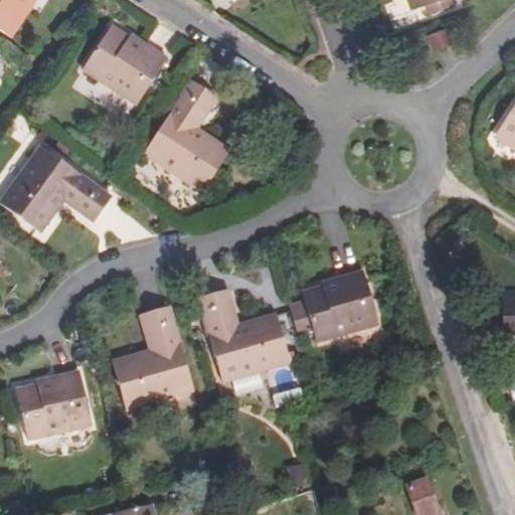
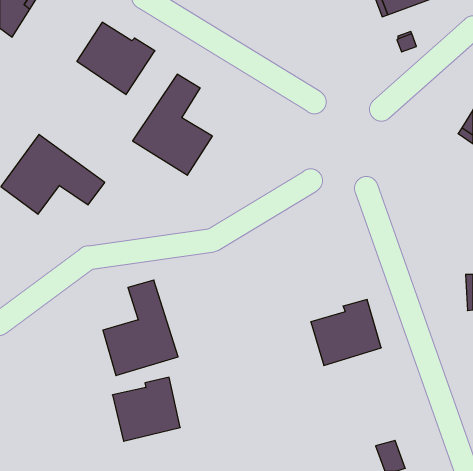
building: [302,268,378,339] -> [311,300,381,365]
building: [197,288,288,379] -> none
building: [18,370,92,440] -> [112,377,180,441]

